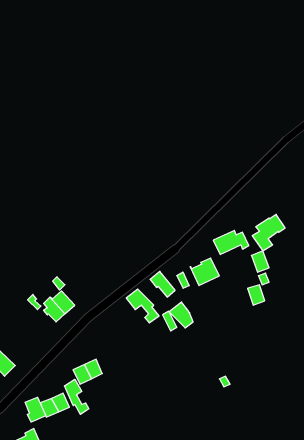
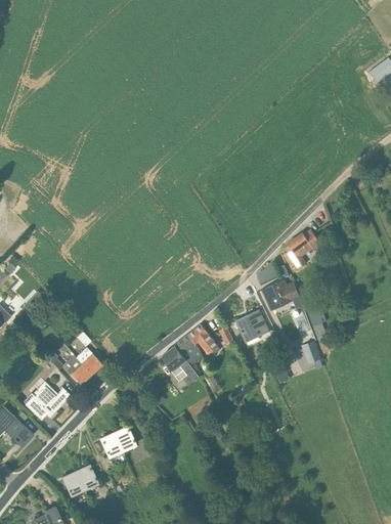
building: [252,214,285,251] -> [284,229,321,271]
building: [169,302,193,328] -> [175,335,203,364]
building: none -> [23,384,70,420]
building: [65,379,89,414] -> none
building: [25,397,46,422] -> none

